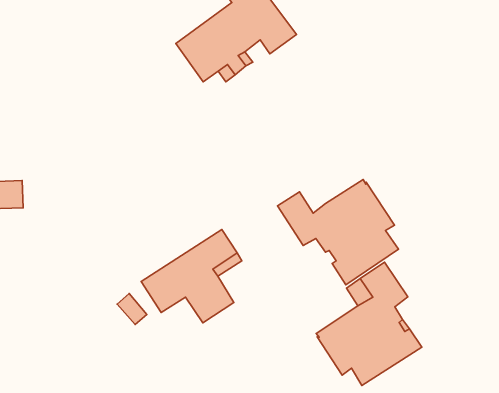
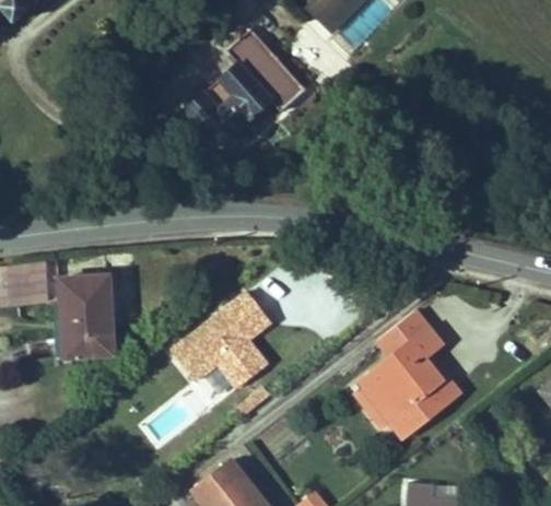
building: [277,180,399,285] -> none
building: none -> [59,274,113,356]

